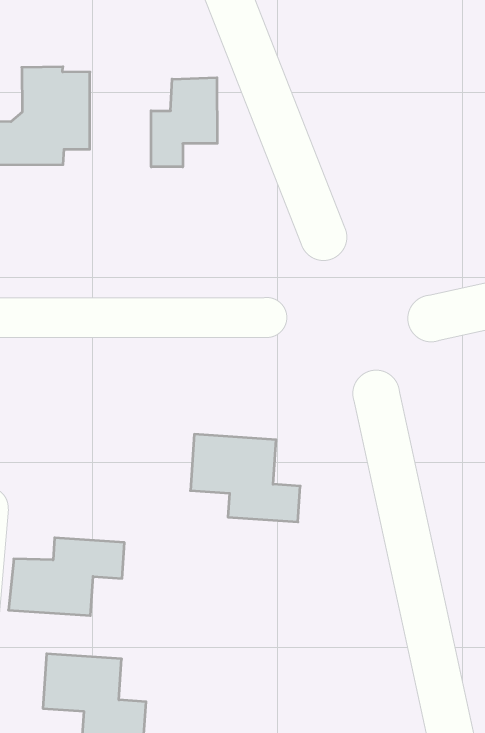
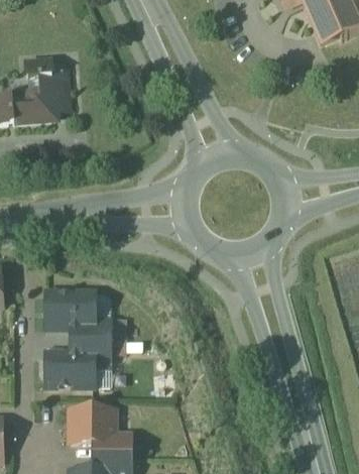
building: [151,78,217,167] -> none
building: [190,434,300,522] -> [45,292,110,340]

